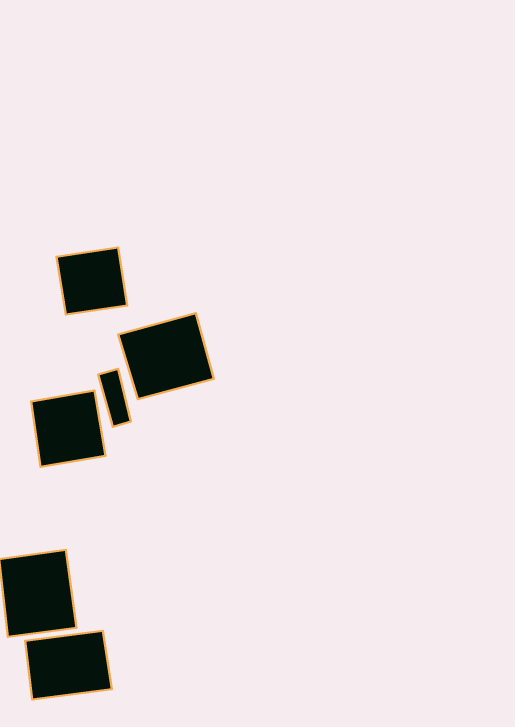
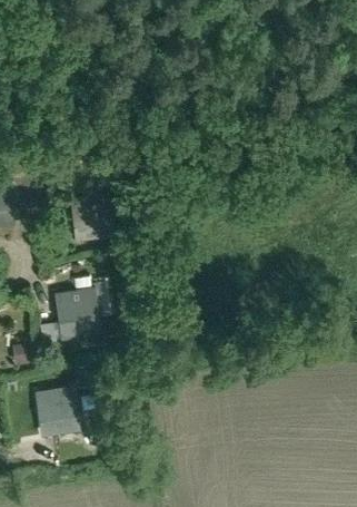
building: [118,313,214,399] -> none
building: [25,631,112,700] -> none

